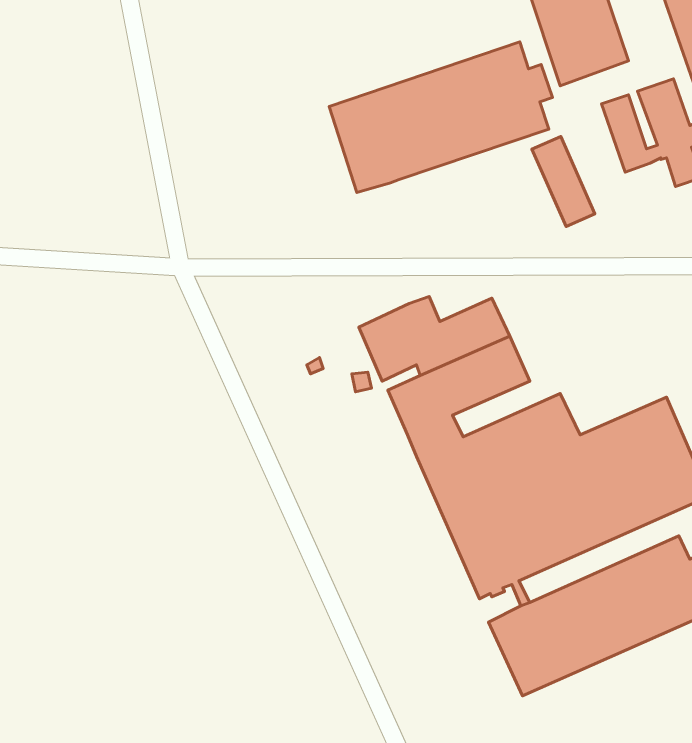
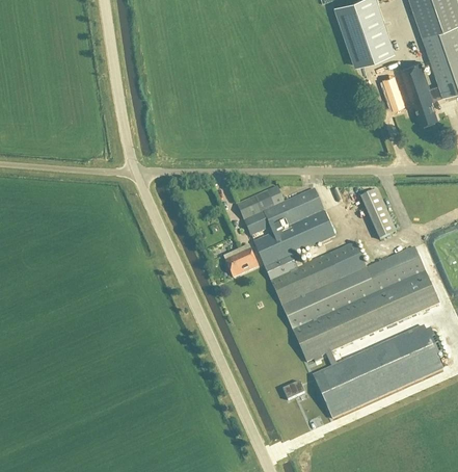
building: [329,42,552,192] -> none
building: [532,136,595,226] -> [358,187,395,239]
building: none -> [223,245,258,278]

